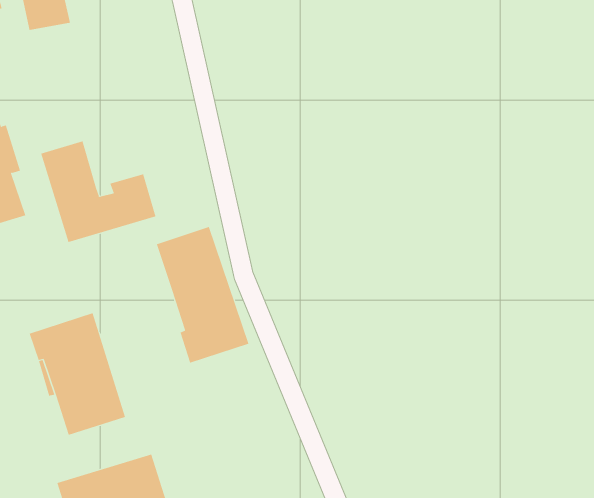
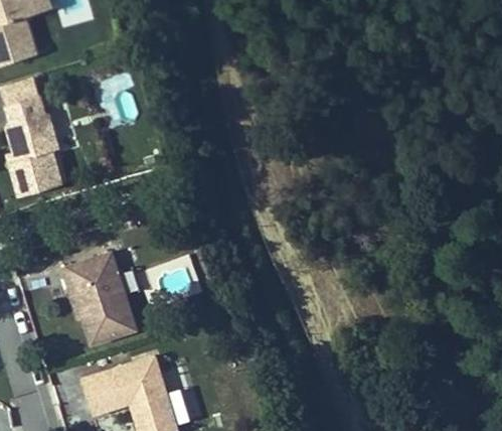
building: [41,141,156,243] -> none
building: [156,226,249,364] -> none

